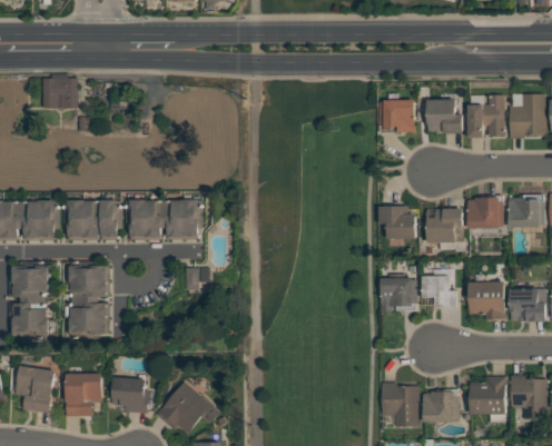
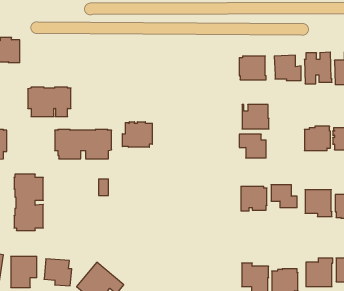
building: none -> [122,122,152,147]
building: [63,199,122,239] -> [28,87,71,117]
building: [427,208,464,241] -> [242,105,269,129]

